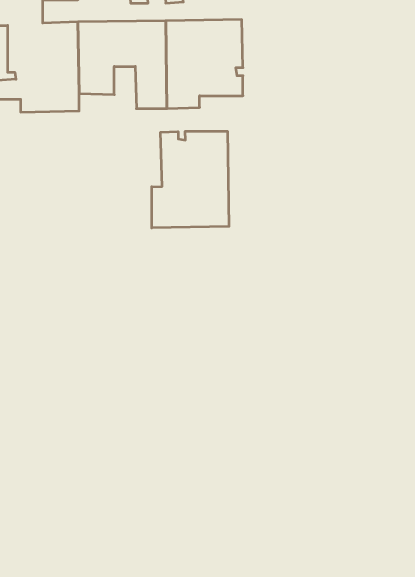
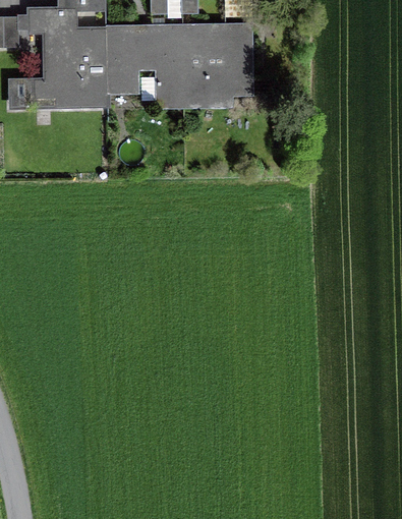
building: [152,131,229,228] -> none

